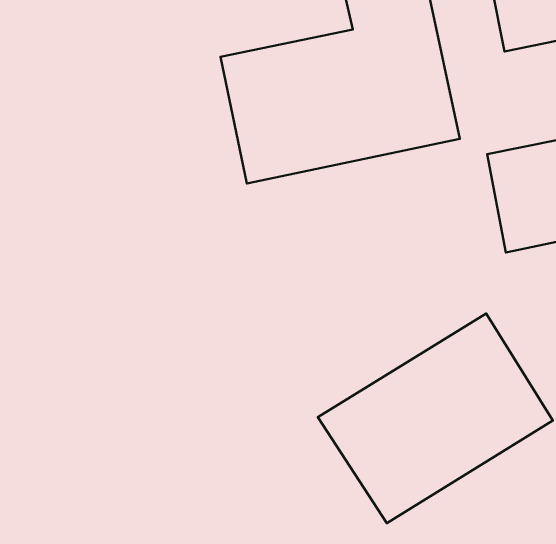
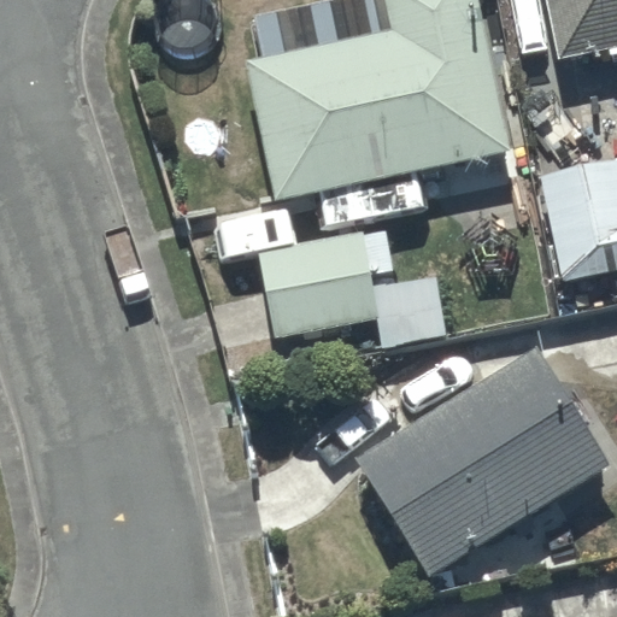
building: none -> [259,225,383,335]

